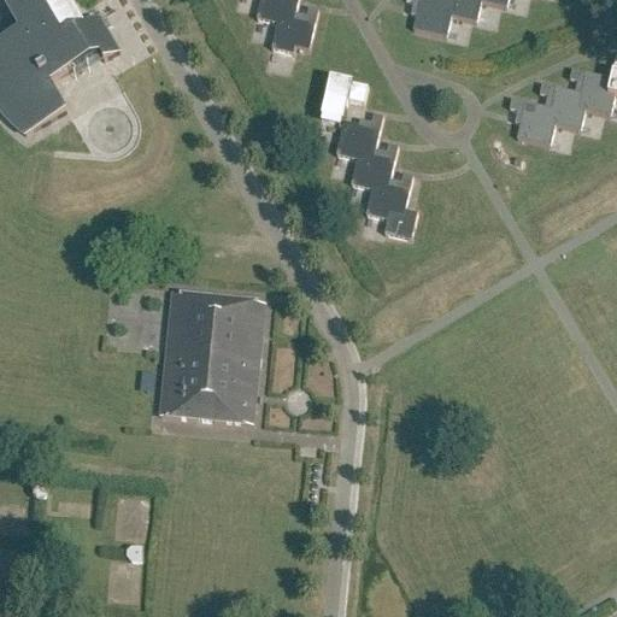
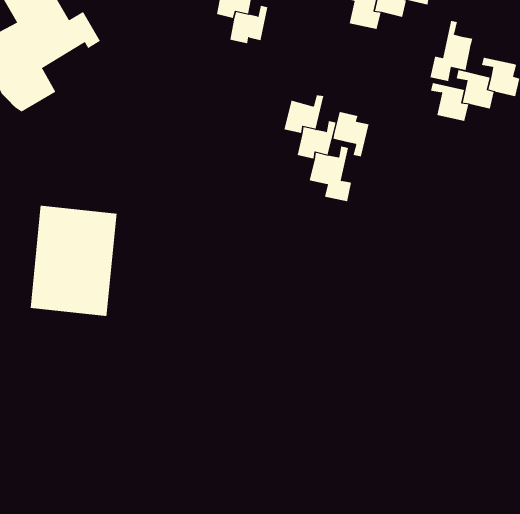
building: none -> [430,20,473,82]
building: [321,75,368,121] -> none
building: none -> [333,111,369,157]
building: [160,292,264,423] -> [30,205,117,316]

